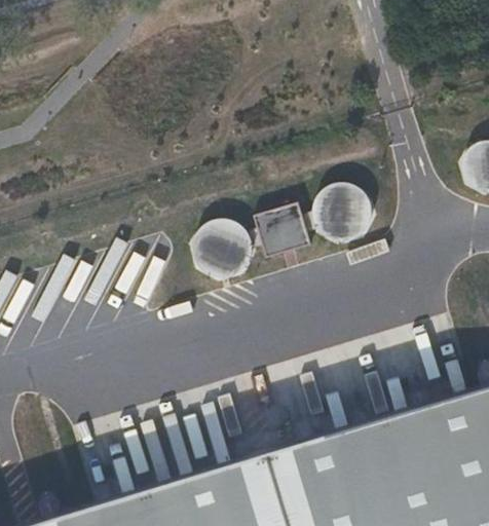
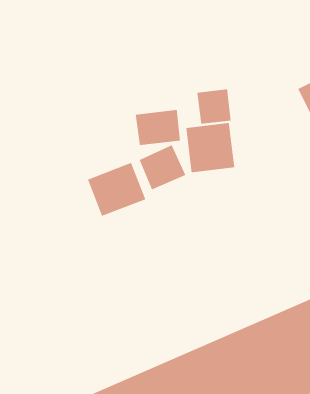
building: none -> [197,89,231,124]
building: none -> [135,109,180,146]

